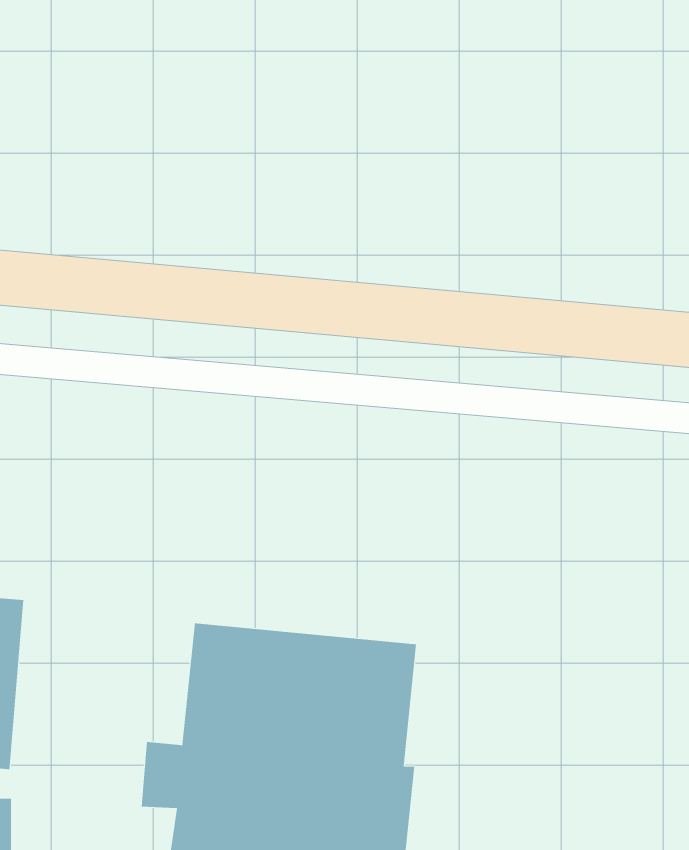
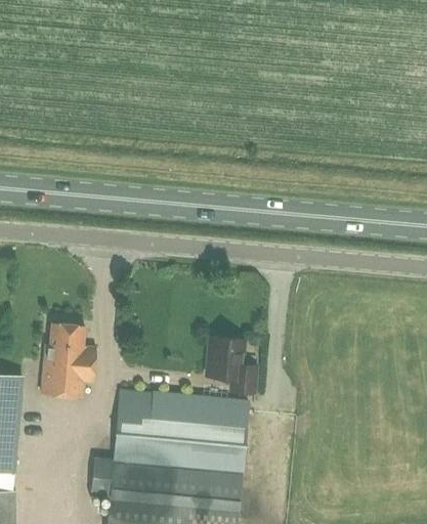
building: none -> [41,322,96,397]
building: none -> [206,336,256,391]

